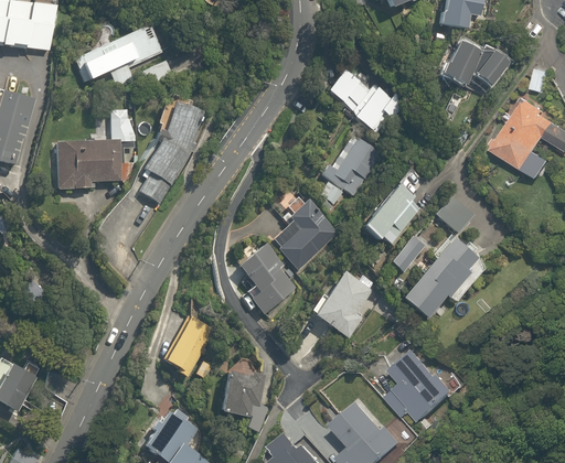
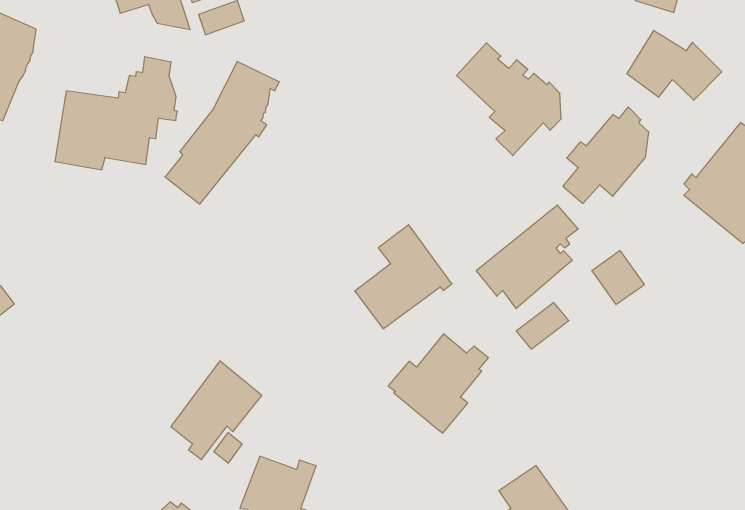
building: [319,134,373,205] -> [563,107,649,203]
building: [401,239,484,319] -> none
building: [233,244,294,315] -> none

